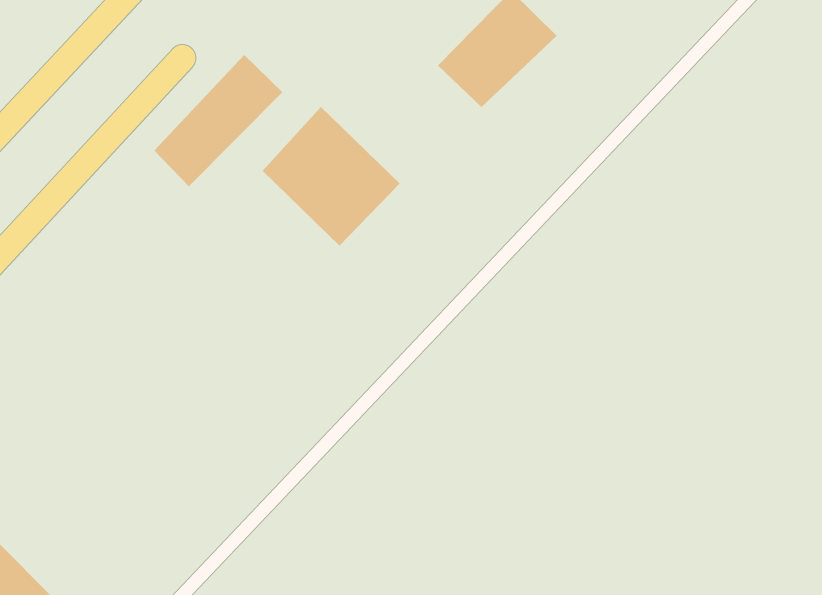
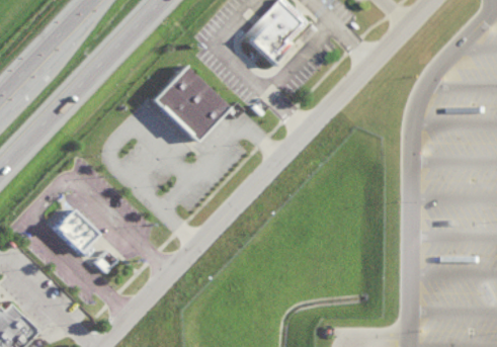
building: [153,54,283,187] -> none
building: none -> [52,207,95,250]

